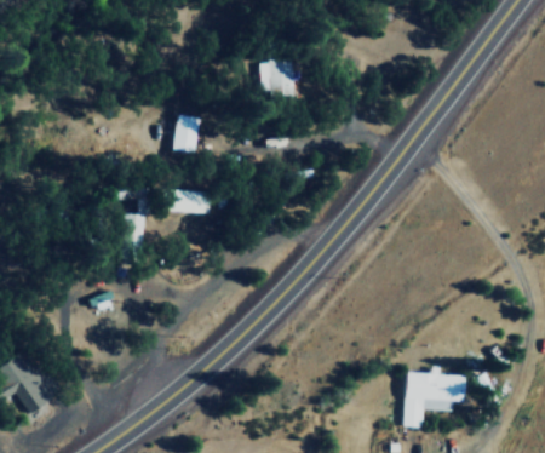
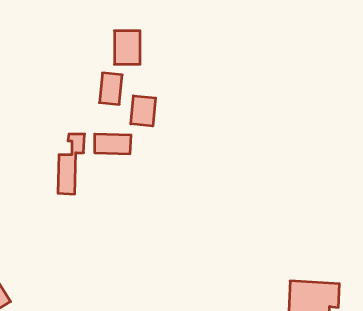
building: [262,58,293,99] -> [114,31,140,64]
building: none -> [131,96,156,126]

